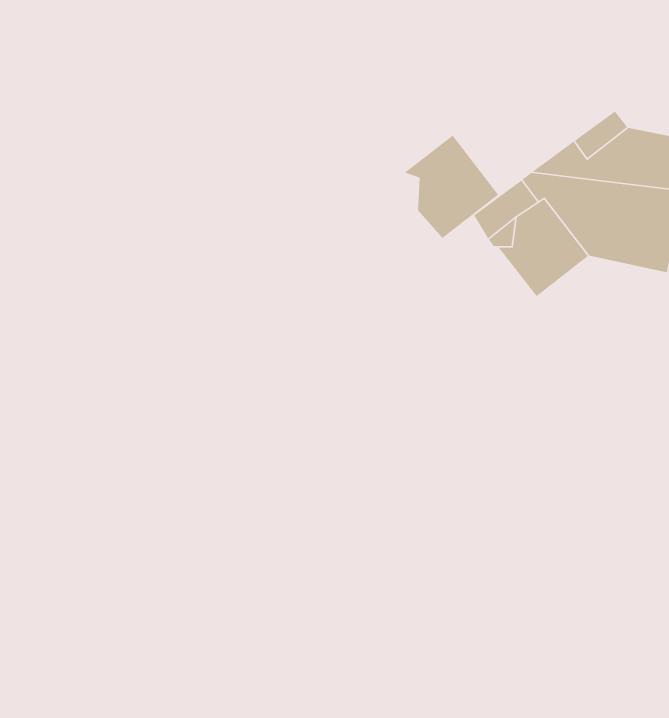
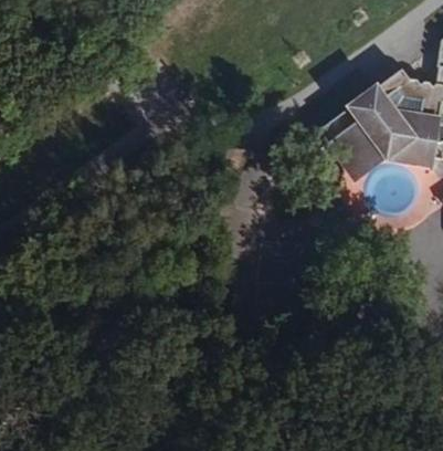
building: [403,135,499,239] -> none

